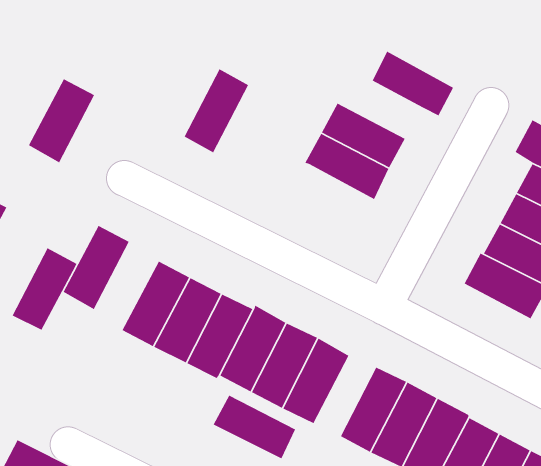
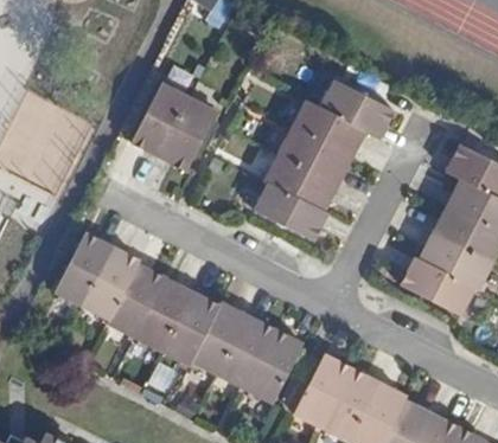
building: none -> [292,101,365,159]
building: [28,78,95,163] -> [132,84,190,158]
building: none -> [254,181,326,239]
building: [12,247,78,331] -> [82,248,139,320]
building: [212,395,296,460] -> none

